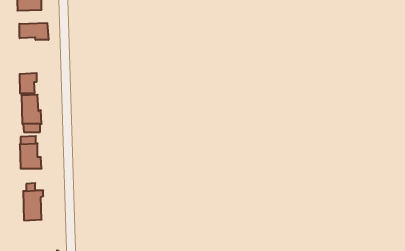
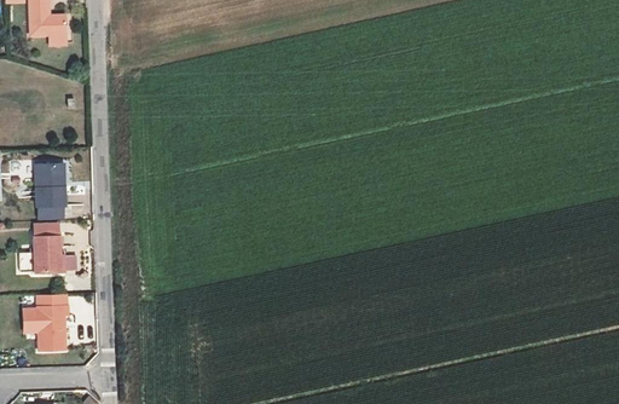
building: [19,23,48,40] -> none
building: [20,73,37,94] -> none

